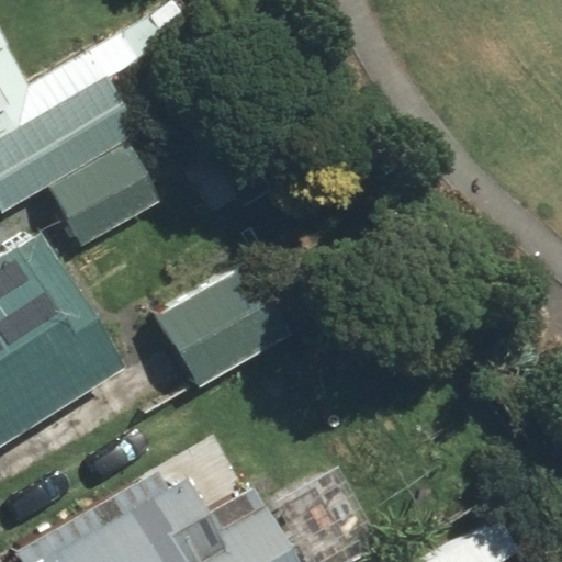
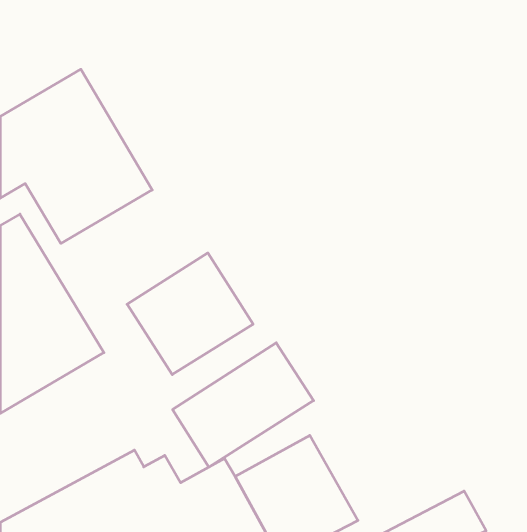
building: none -> [173,343,314,467]

